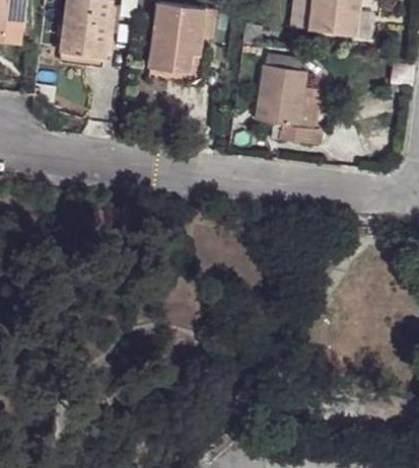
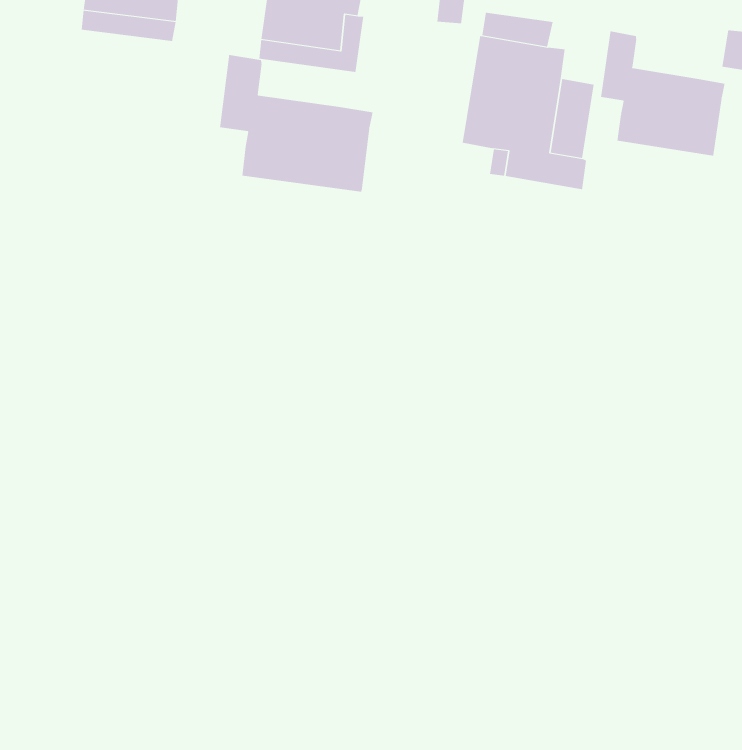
building: none -> [600,31,725,156]
building: none -> [220,54,373,192]

